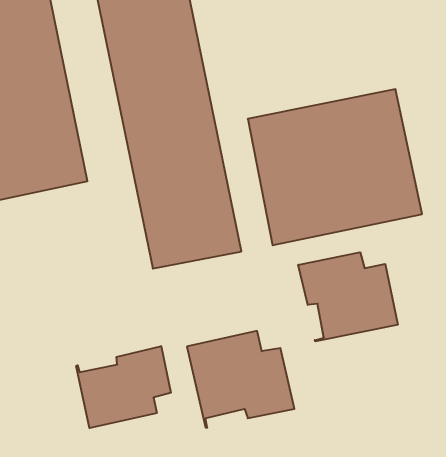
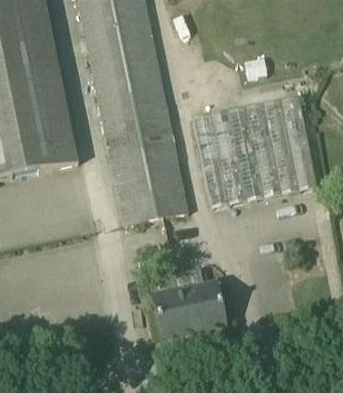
building: [298,252,398,341] -> none
building: [76,346,171,428] -> none

